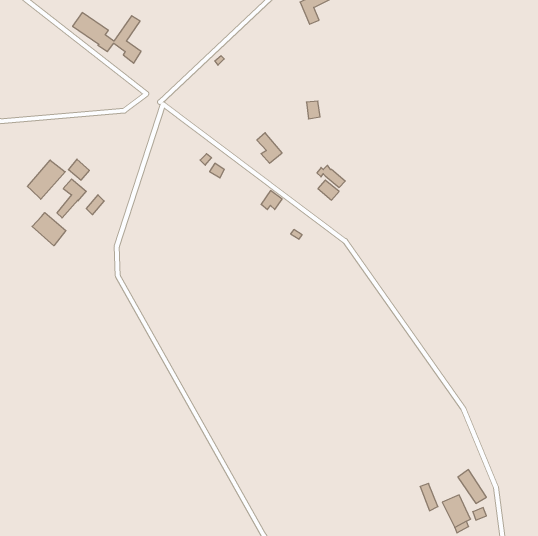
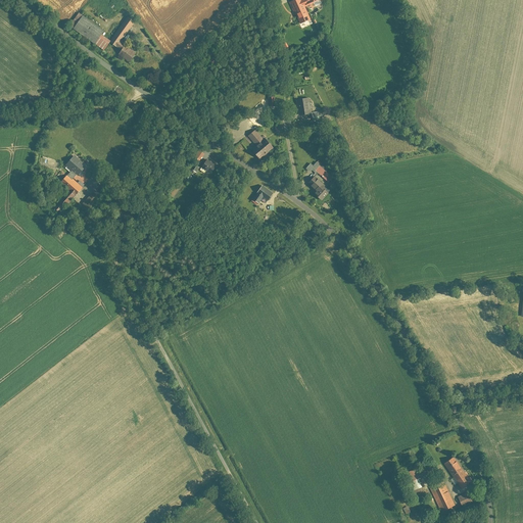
building: [27,160,65,199] -> none
building: [32,213,66,246] -> none

